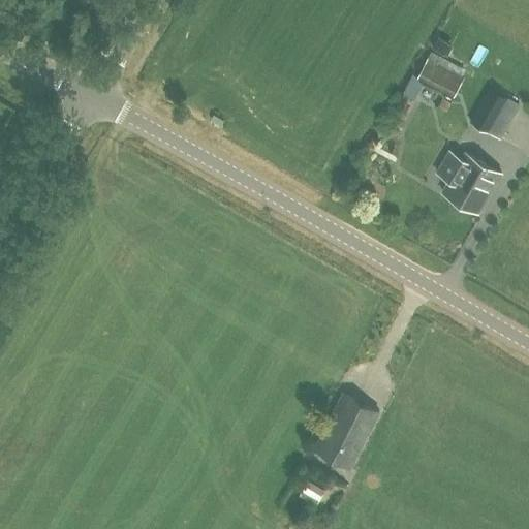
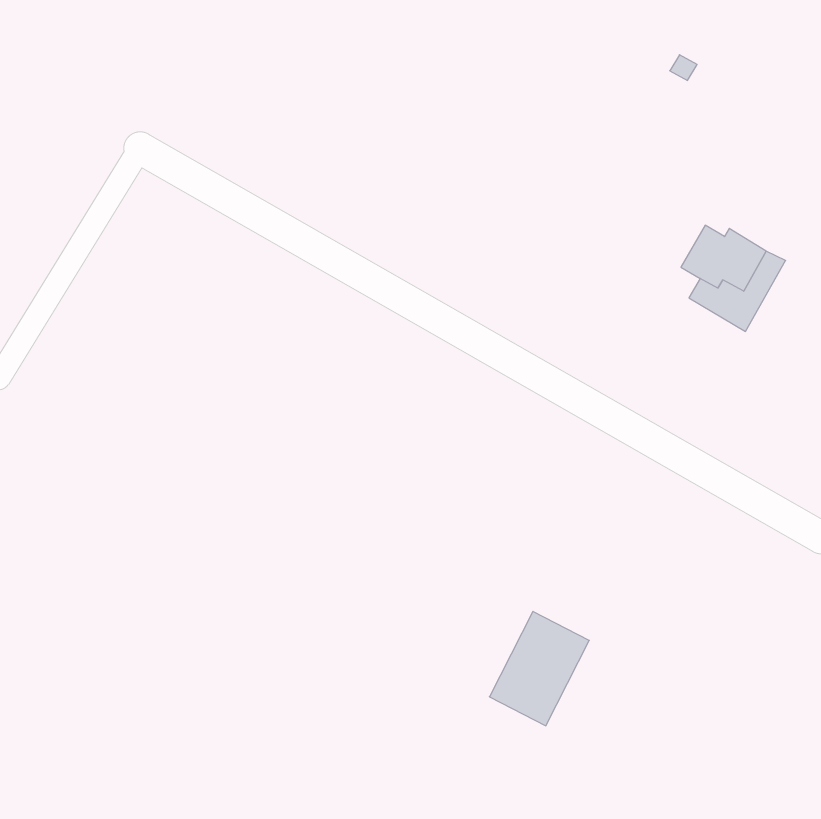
building: [416,60,464,99] -> none
building: [469,87,520,142] -> none

